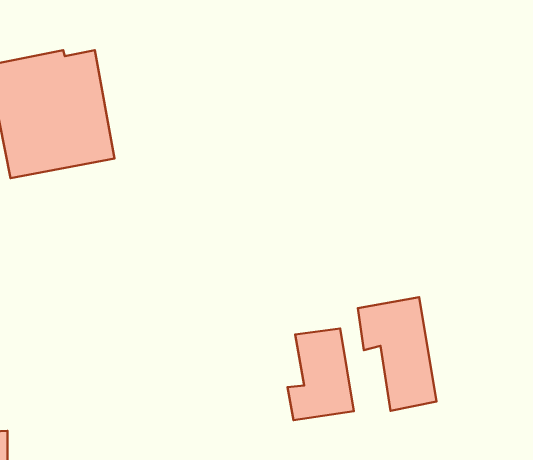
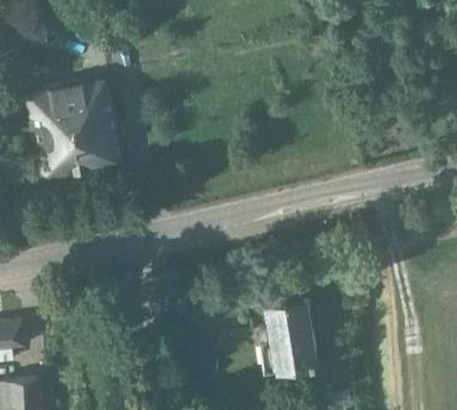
building: [358,297,436,411] -> none

